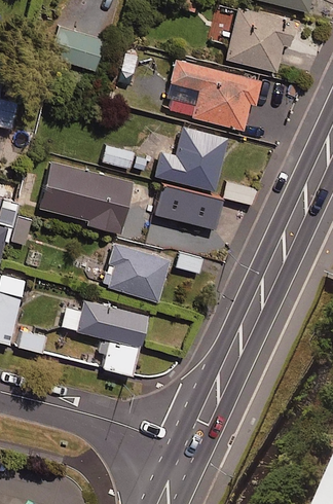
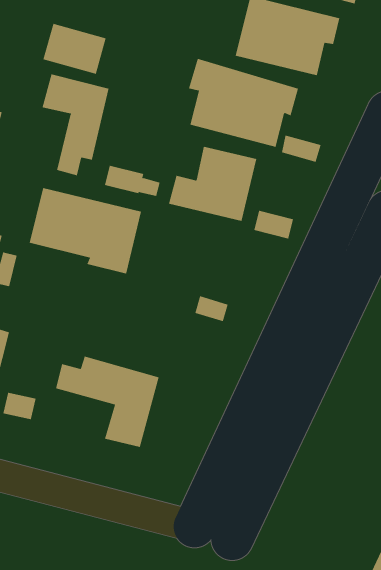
building: none -> [42,74,109,176]
building: [154,187,222,229] -> none
building: [102,245,170,302] -> none

